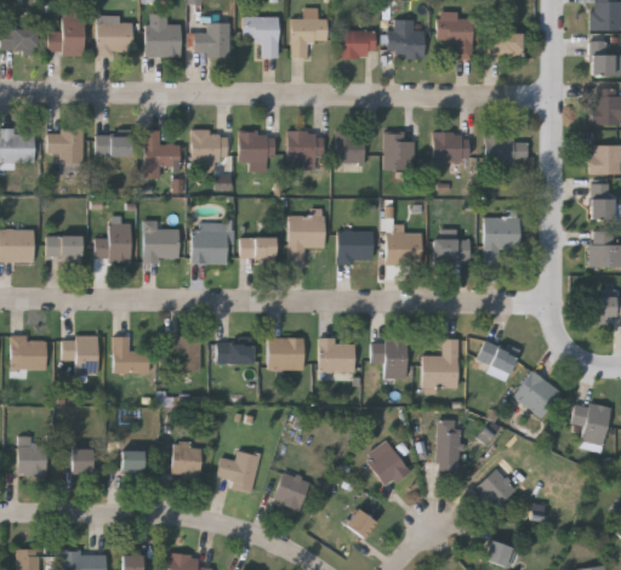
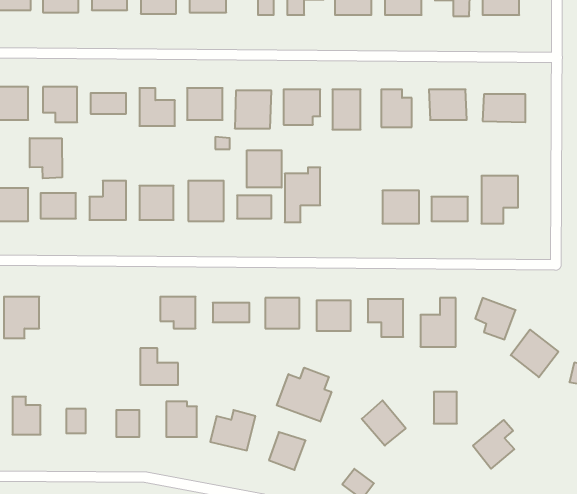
building: none -> [30,138,62,178]
building: none -> [247,150,282,188]
building: [338,230,374,263] -> none
building: [62,336,97,375] -> none
building: [112,336,149,372] -> [140,348,178,385]
building: none -> [277,368,331,422]

